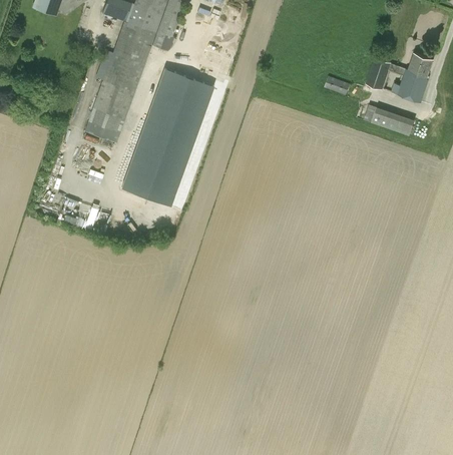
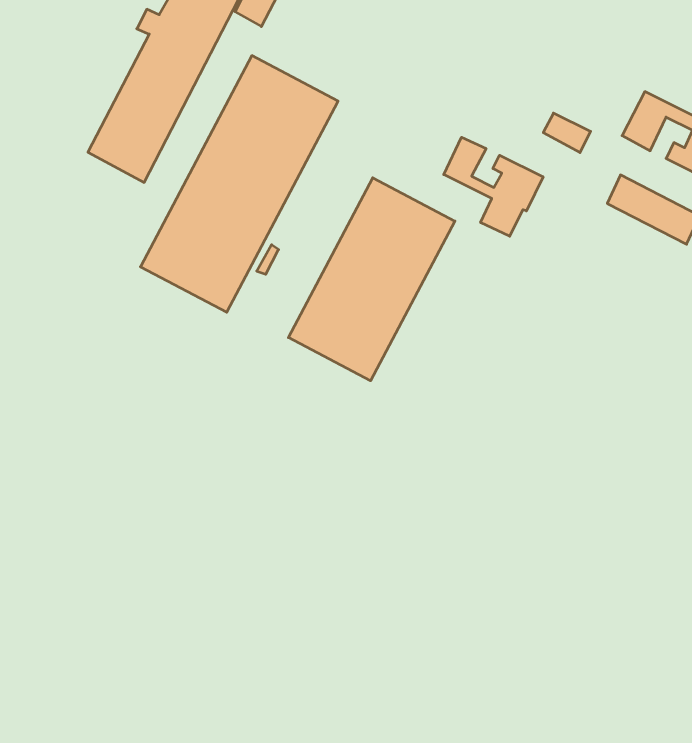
building: none -> [444,137,543,236]
building: none -> [288,178,455,381]

